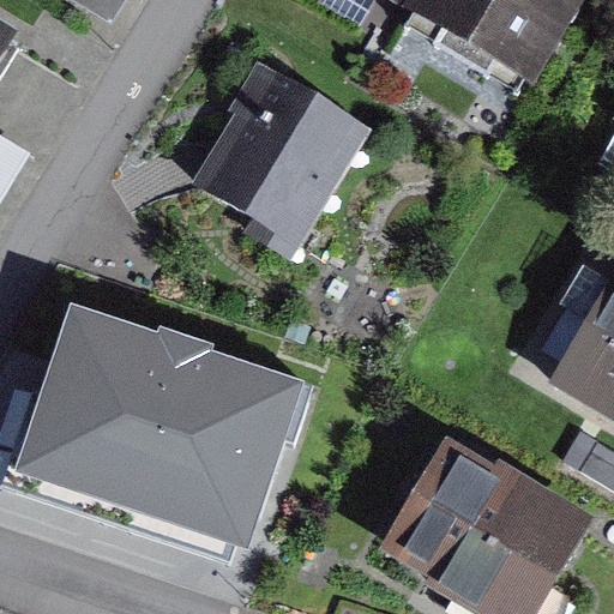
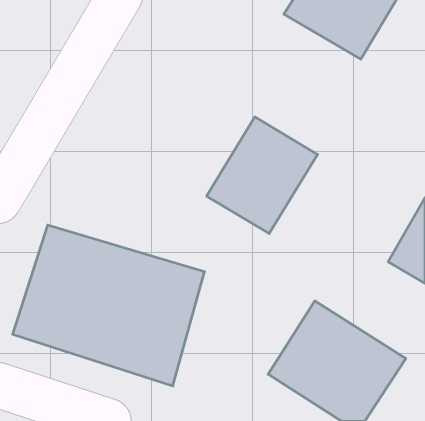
building: [216,59,375,227] -> [207,117,318,234]

